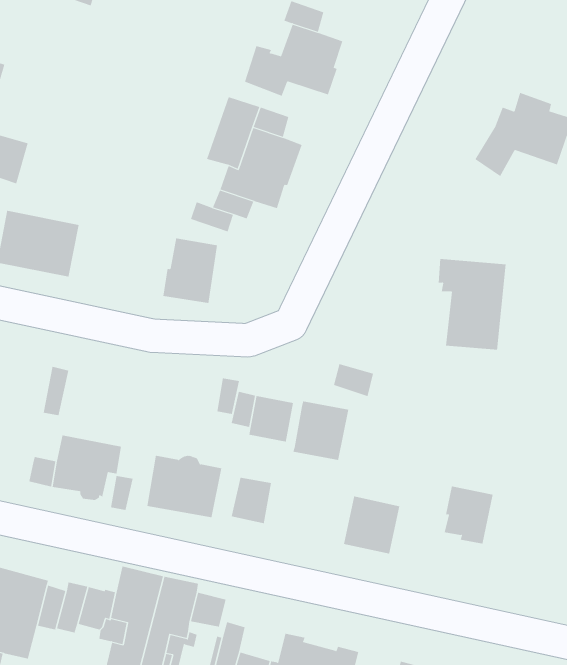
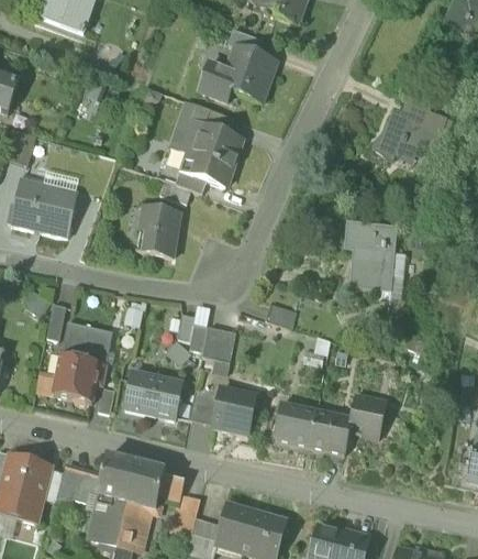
building: none -> [62,320,113,363]
building: [292,401,349,461] -> [213,386,256,431]
building: none -> [309,408,353,451]

